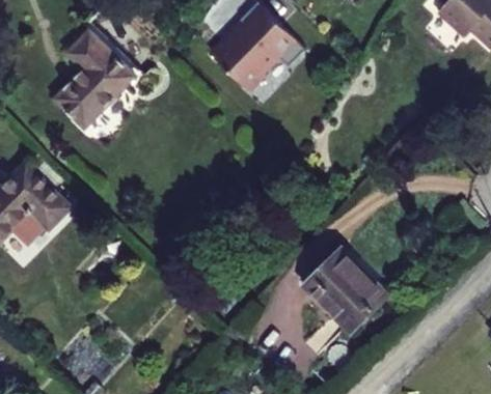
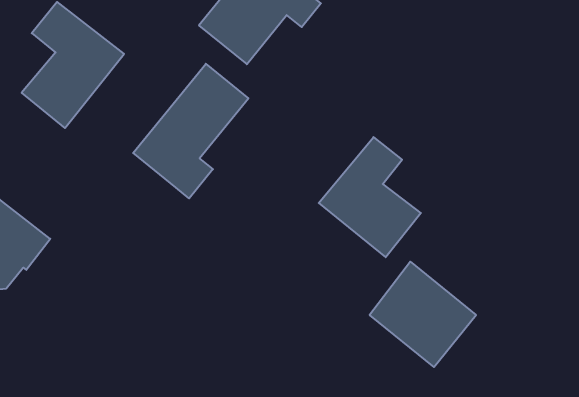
building: none -> [133,64,248,198]
building: none -> [319,137,421,257]

